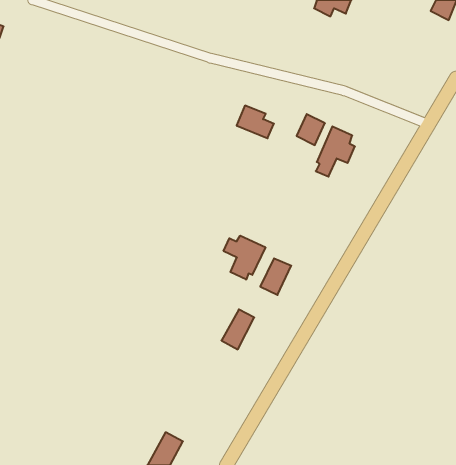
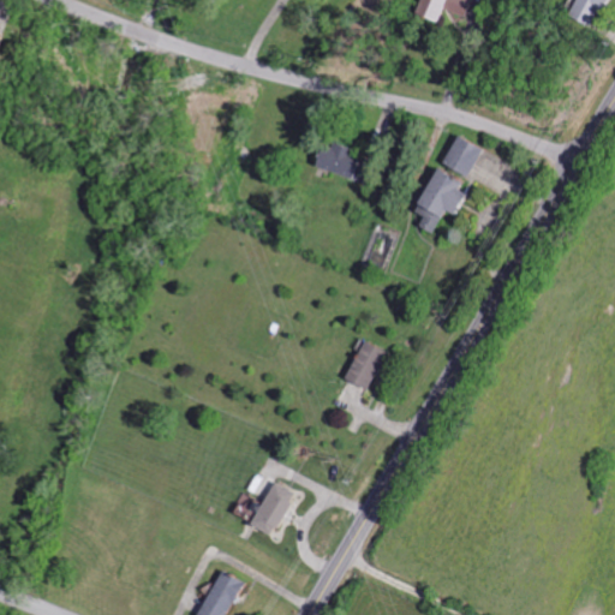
building: [297,114,325,145] -> [442,135,479,175]
building: [224,236,265,280] -> none
building: [221,309,254,349] -> [250,484,293,537]

